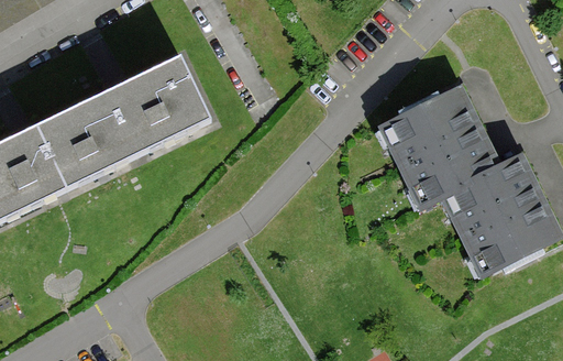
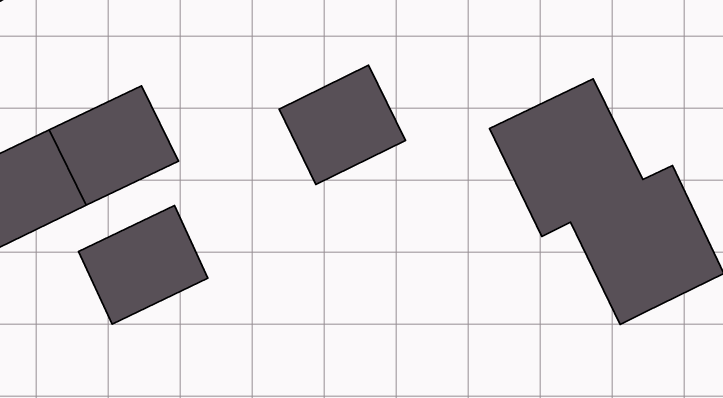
building: [110,57,208,150] -> [279,65,405,184]
building: none -> [78,206,208,324]

